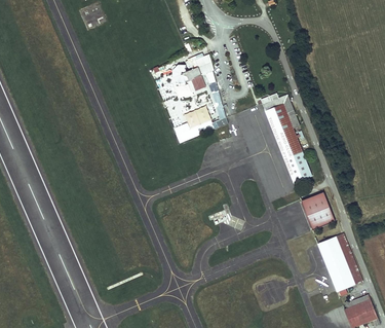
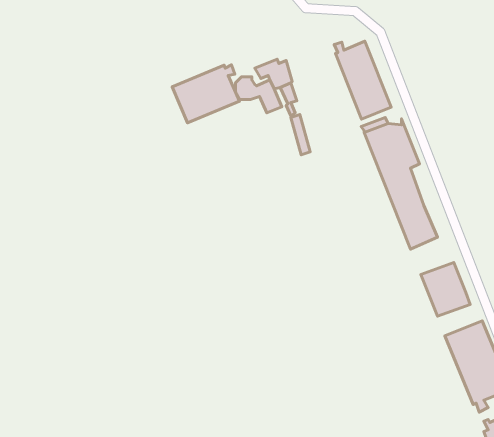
building: none -> [334,41,391,119]
building: none -> [172,65,239,123]

